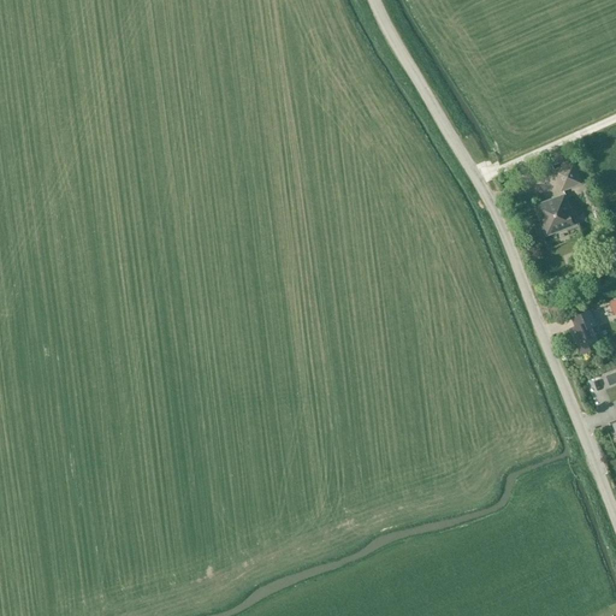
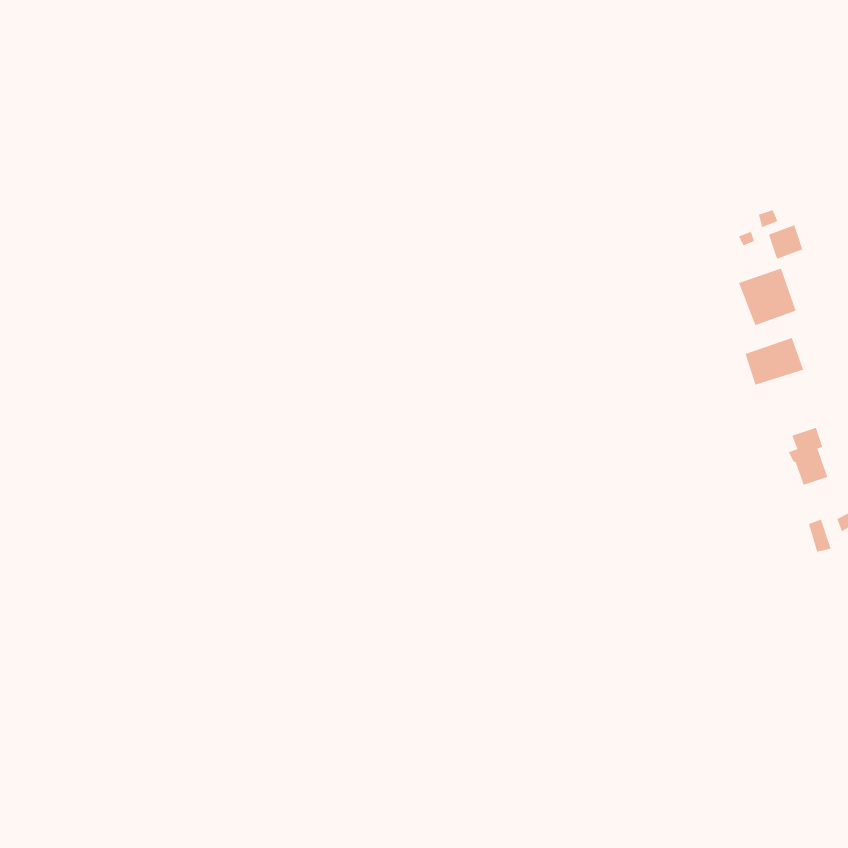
building: none -> [745,337,804,386]

